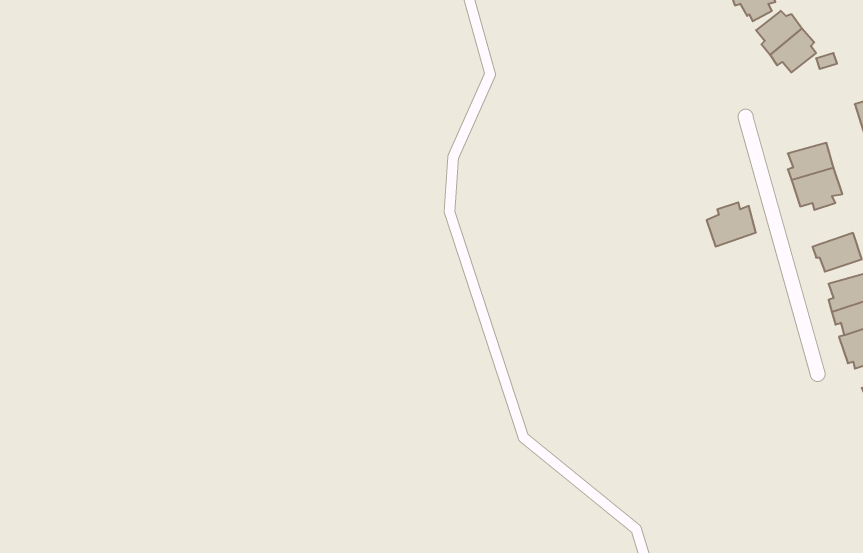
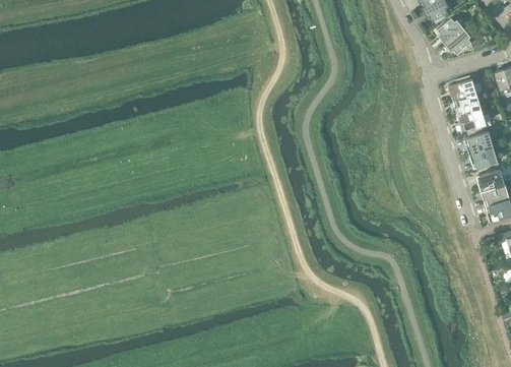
building: none -> [448,78,477,100]
building: [707,202,756,246] -> [464,128,493,154]

